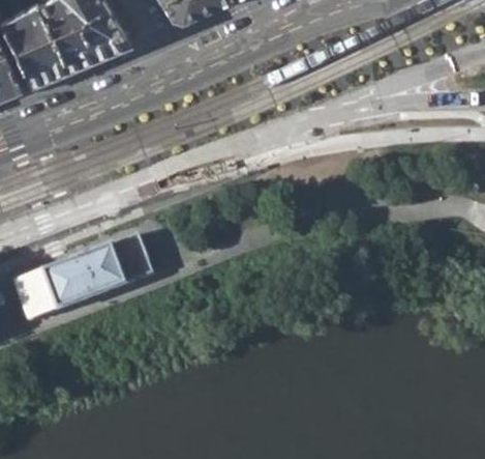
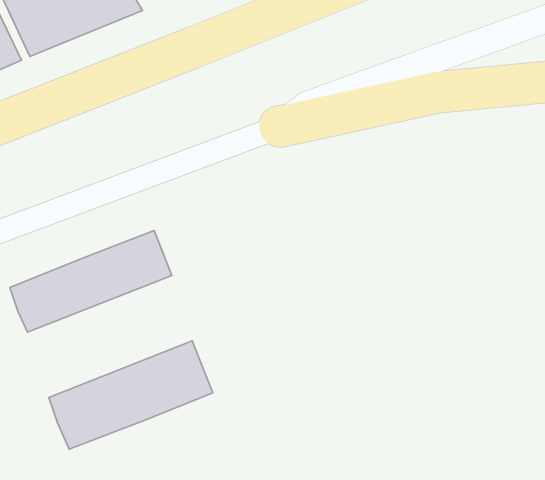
building: none -> [49,341,213,449]

